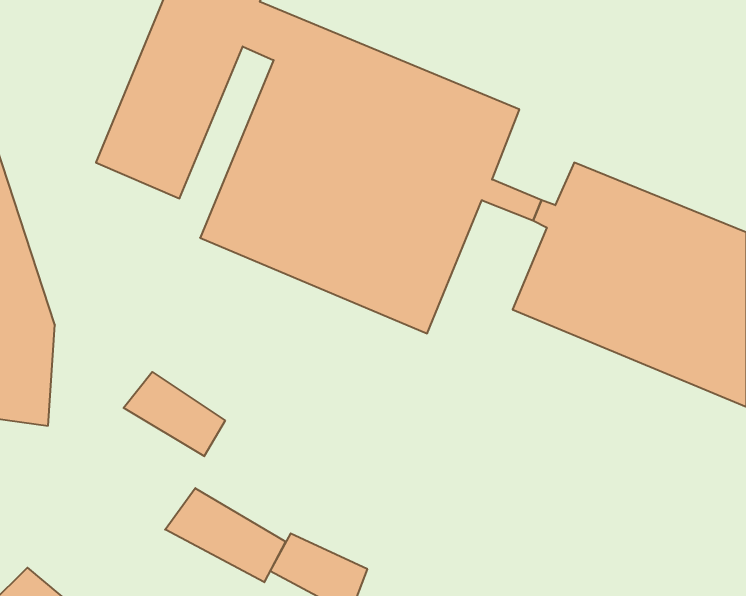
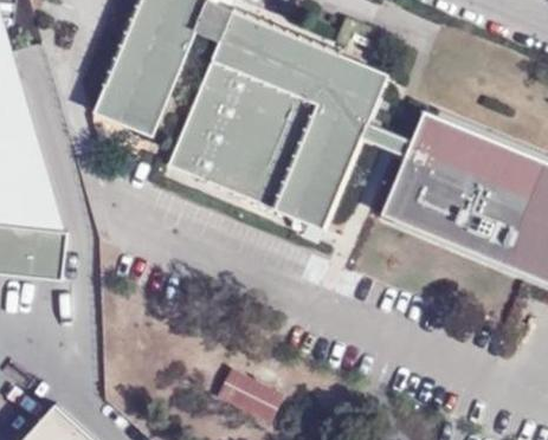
building: [124,372,225,456] -> none
building: [165,488,285,582] -> none

